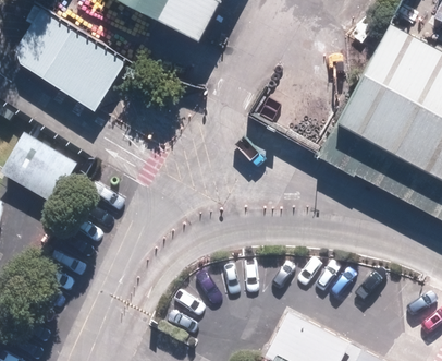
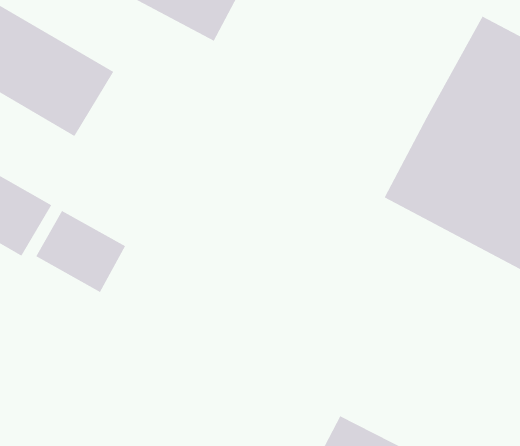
building: none -> [36,210,126,293]

